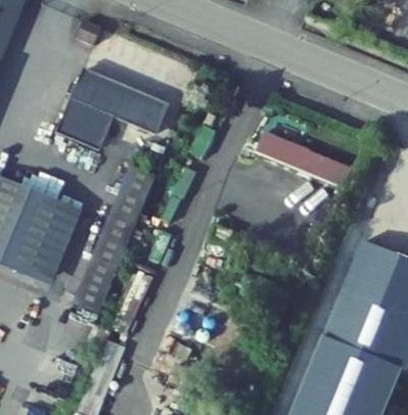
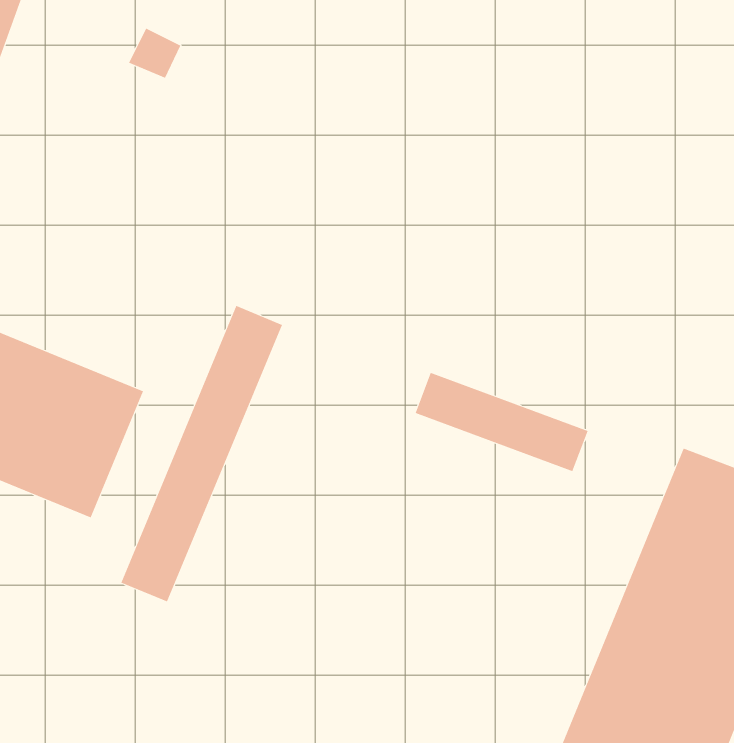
building: [57,67,168,147] -> none
building: [258,132,349,184] -> [415,372,589,472]

